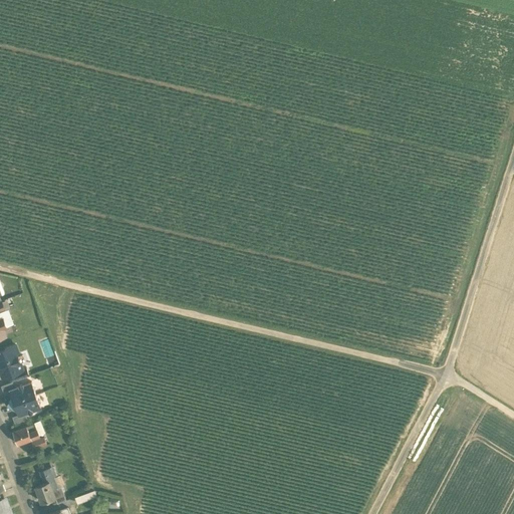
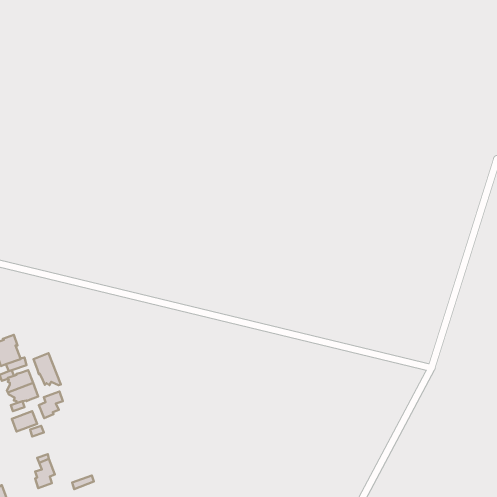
building: none -> [33,353,61,385]
building: none -> [39,391,63,418]

